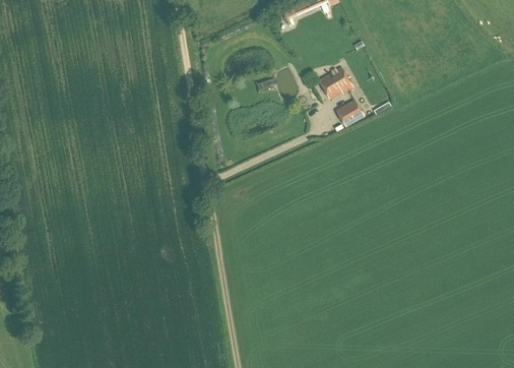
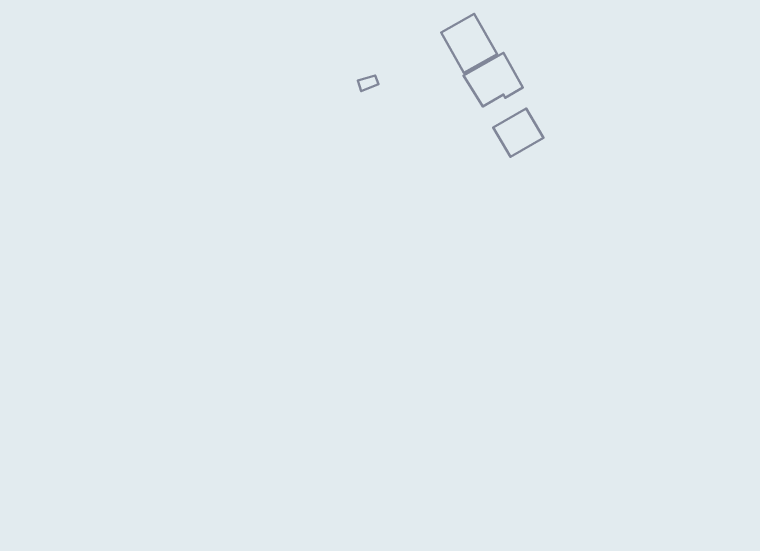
building: none -> [441,14,497,73]

